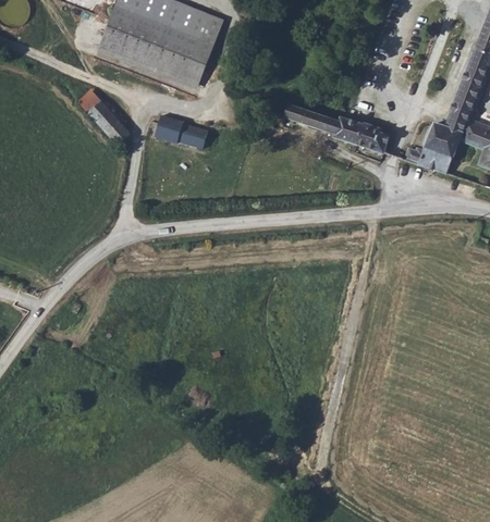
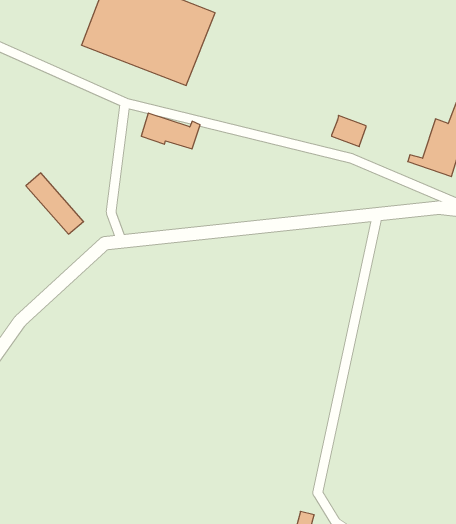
building: [77,88,132,146] -> [26,173,84,234]
building: [277,103,340,135] -> none
building: [360,127,390,153] -> none

